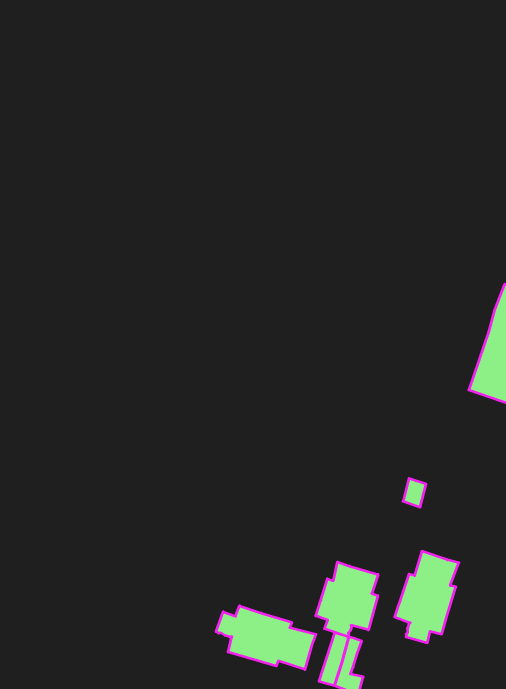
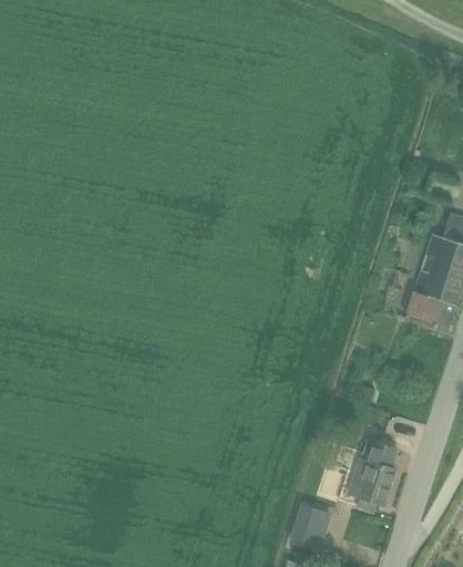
building: [316,562,378,637] -> none
building: [216,606,316,670] -> none

